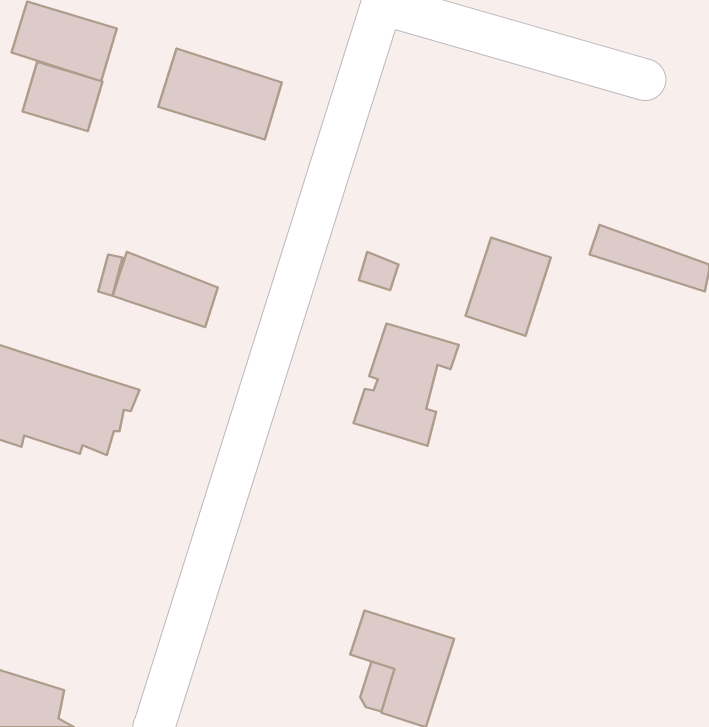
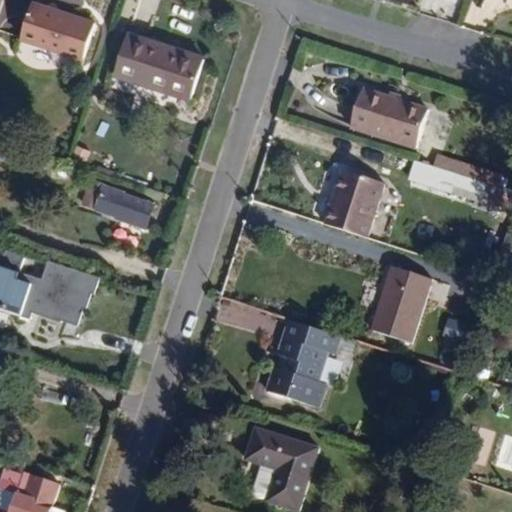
building: [22,62,103,131] -> none
building: none -> [353,85,431,147]
building: [354,324,459,446] -> [267,324,341,410]
building: none -> [373,264,431,341]

